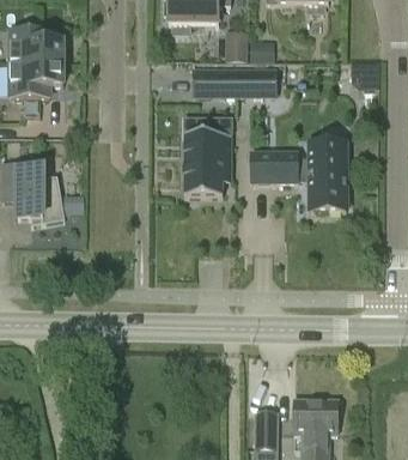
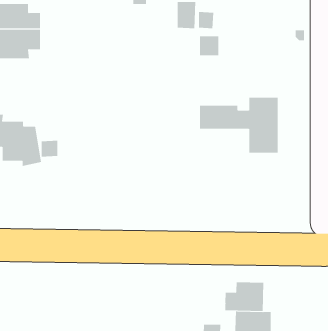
building: [194,68,237,92] -> none
building: [183,116,231,195] -> none
building: none -> [225,282,264,312]

